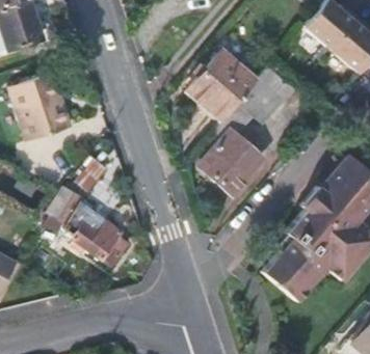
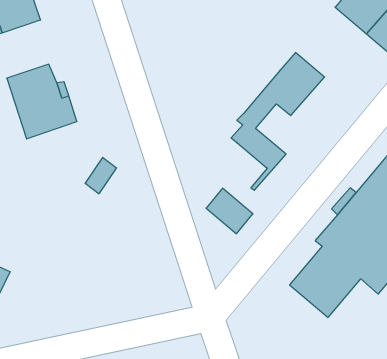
building: [188,53,255,120] -> none
building: [202,146,243,187] -> [206,188,253,234]
building: [44,188,126,264] -> none

